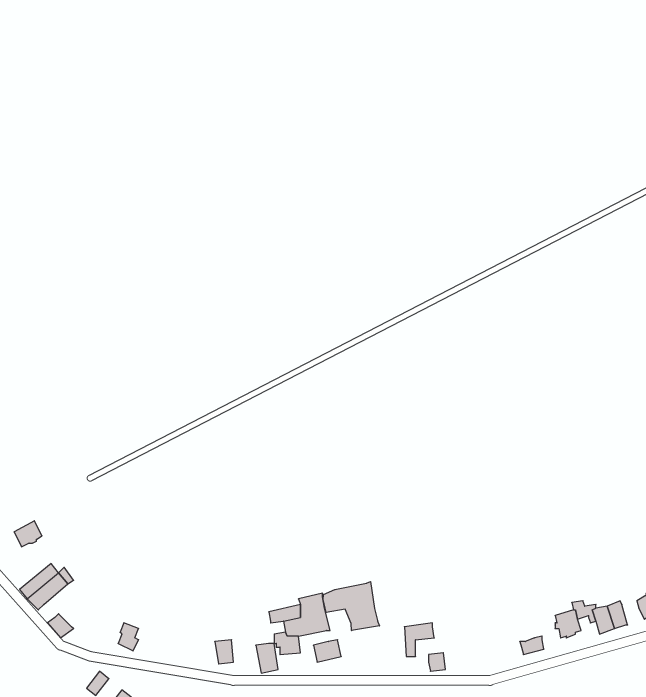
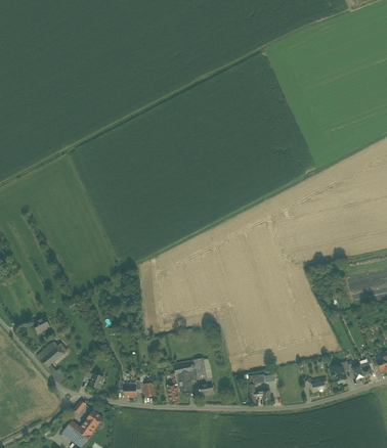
building: [323,582,379,631] -> none

